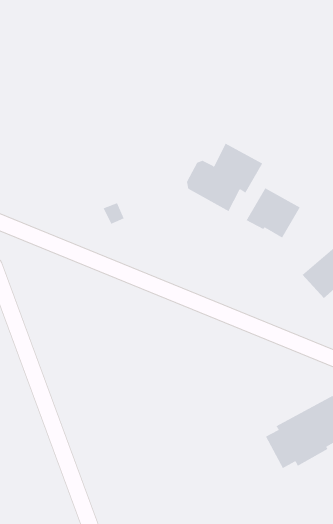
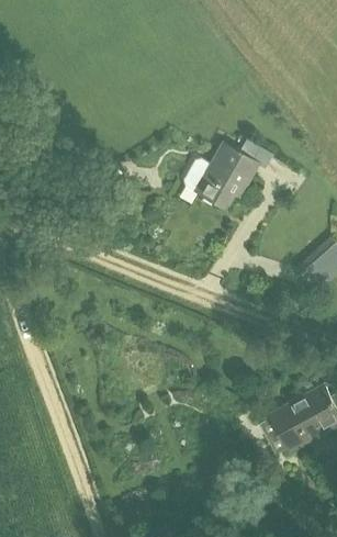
building: [246,187,301,239] -> none

